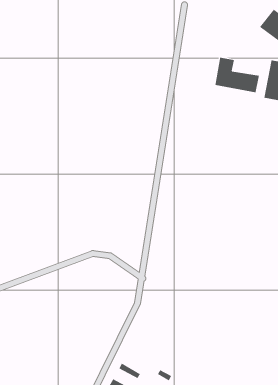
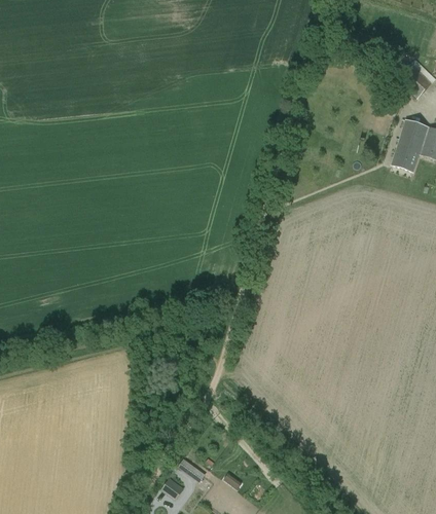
building: [215,57,259,93] -> none

